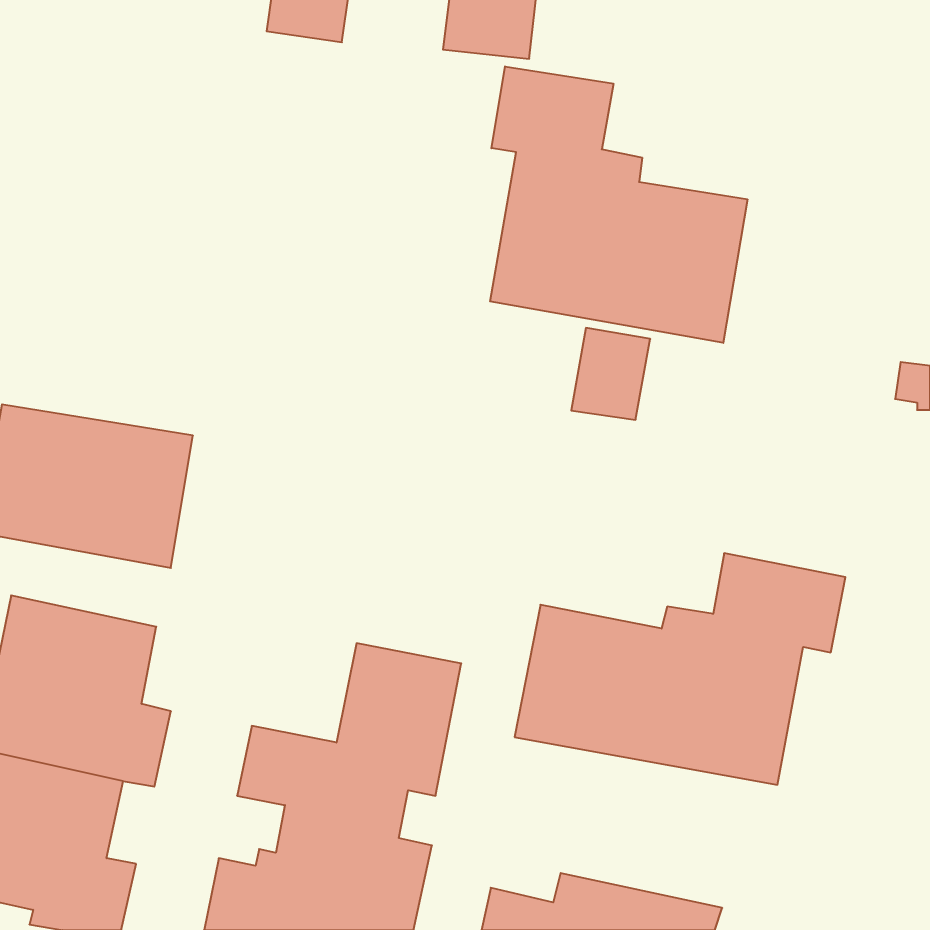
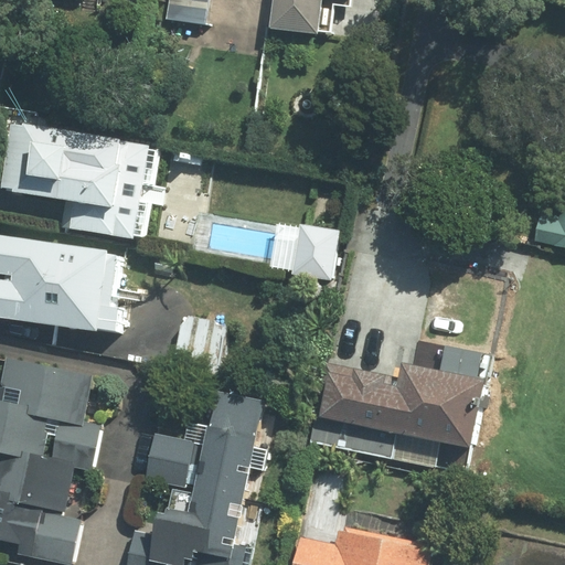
building: [490,66,747,343] -> none
building: none -> [4,121,156,243]
building: [571,328,650,420] -> [290,225,338,280]

